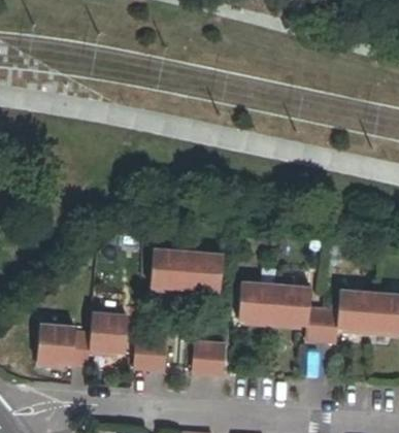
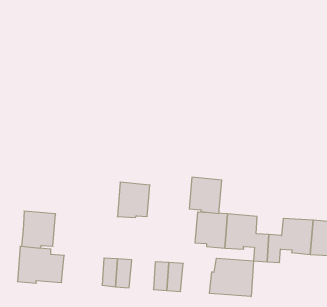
building: [186,253,223,294] -> [189,177,222,213]
building: [89,311,128,354] -> [21,211,56,248]
building: none -> [210,258,254,297]

